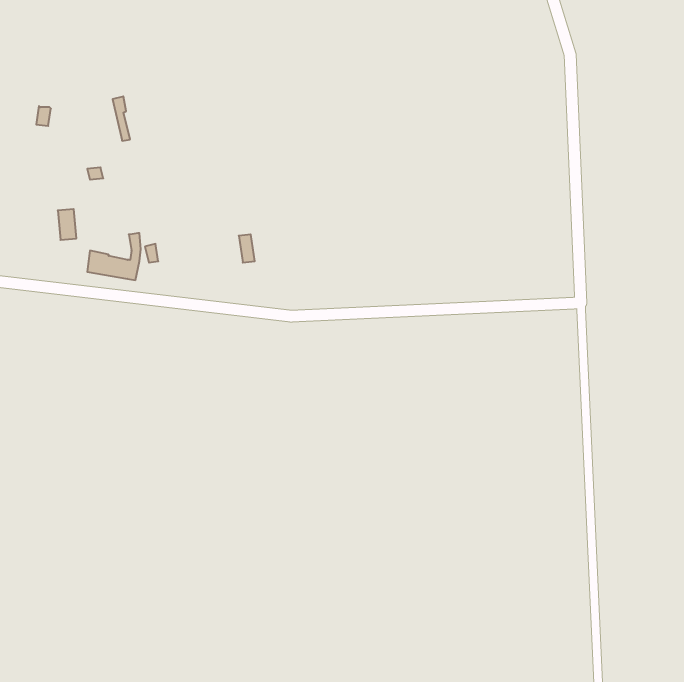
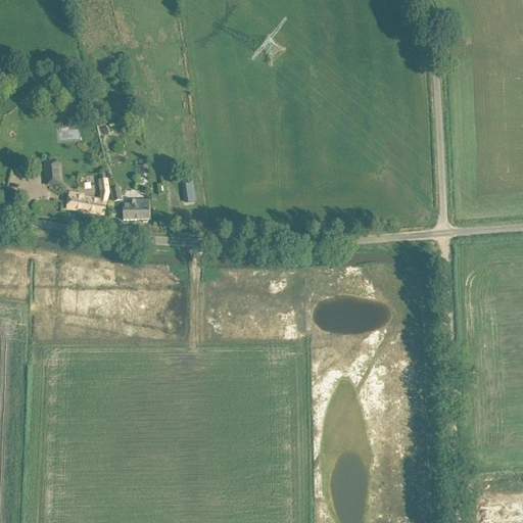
building: none -> [123,198,149,221]

